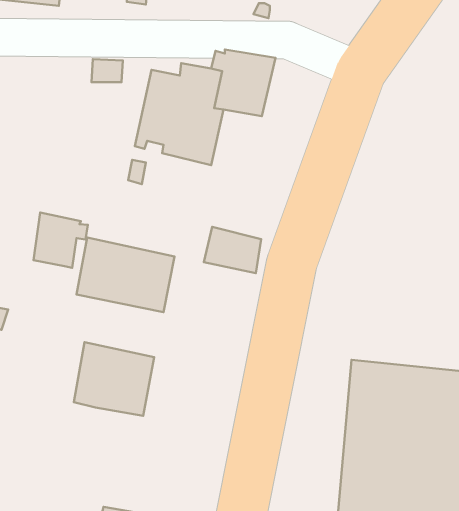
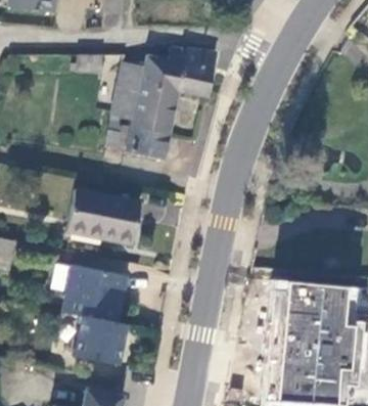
building: [33,213,88,268] -> none
building: [204,227,261,273] -> [125,124,168,159]
building: none -> [74,315,117,361]

